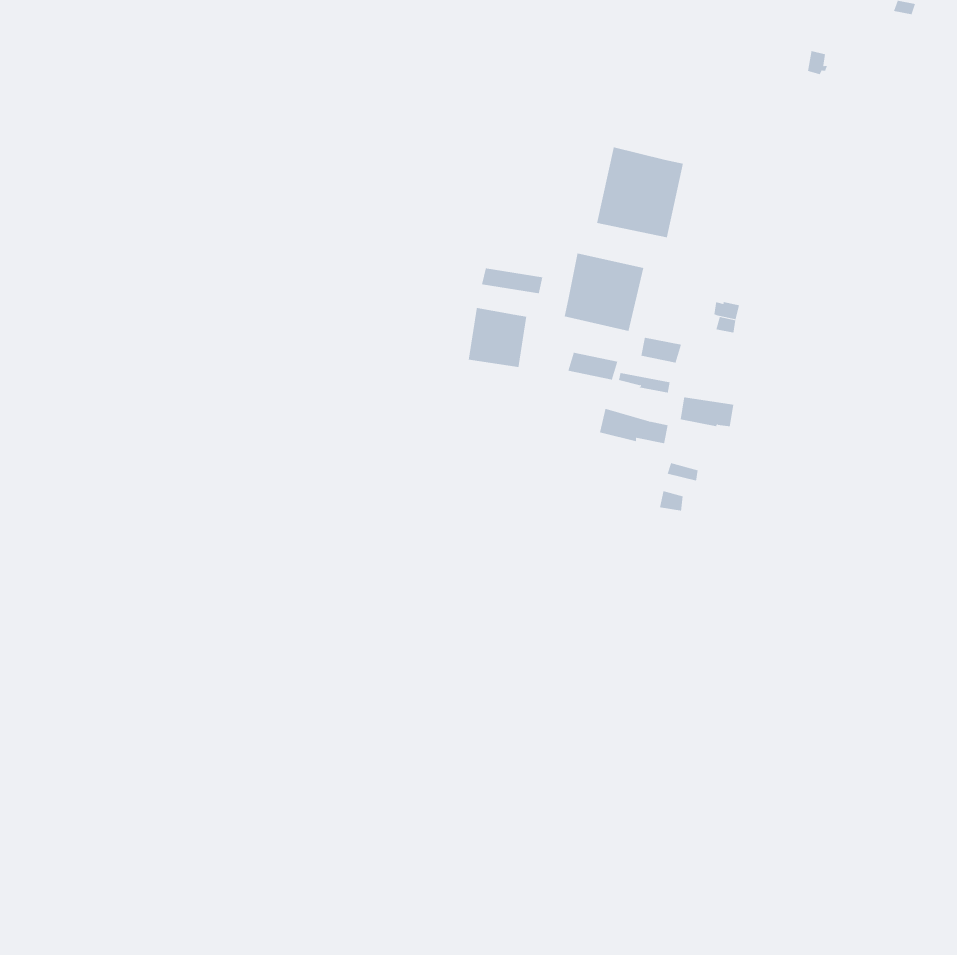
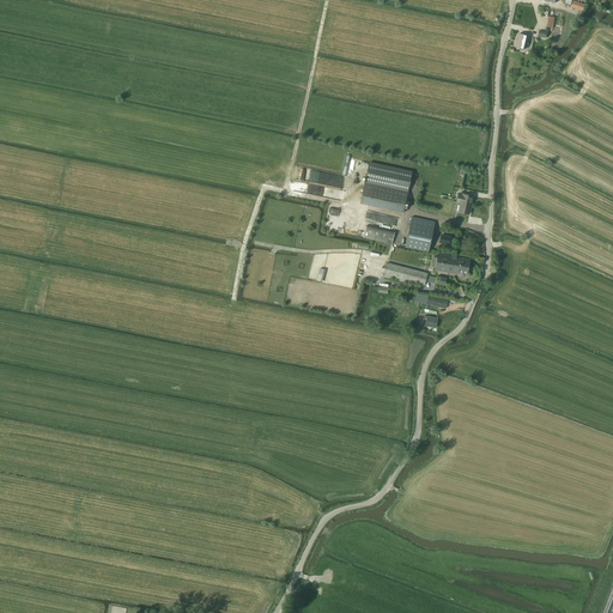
building: [596,147,683,238] -> none
building: [468,307,527,368] -> none

